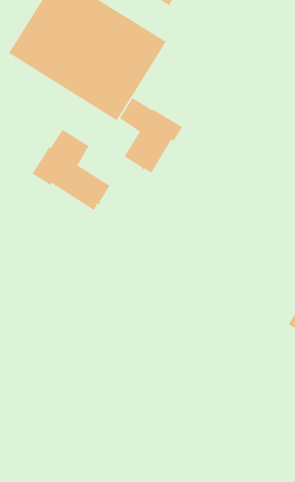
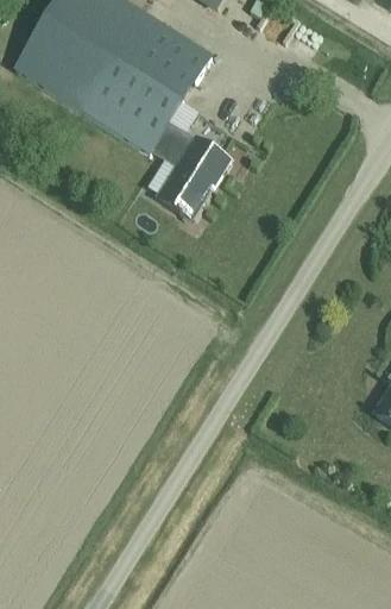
building: [31,129,111,211] -> none

